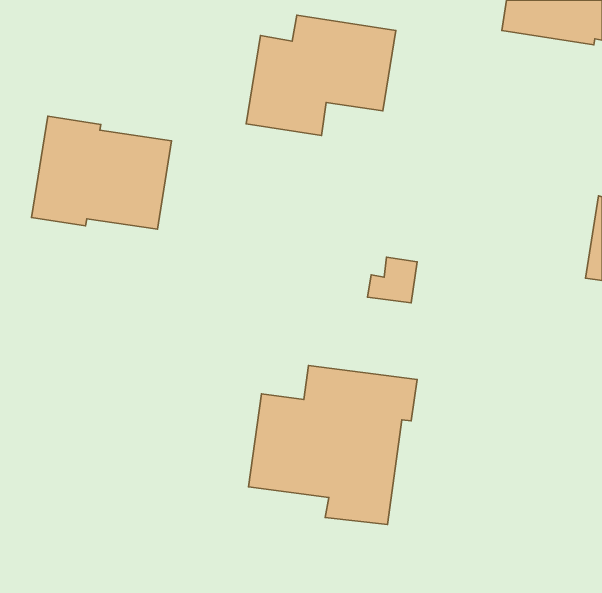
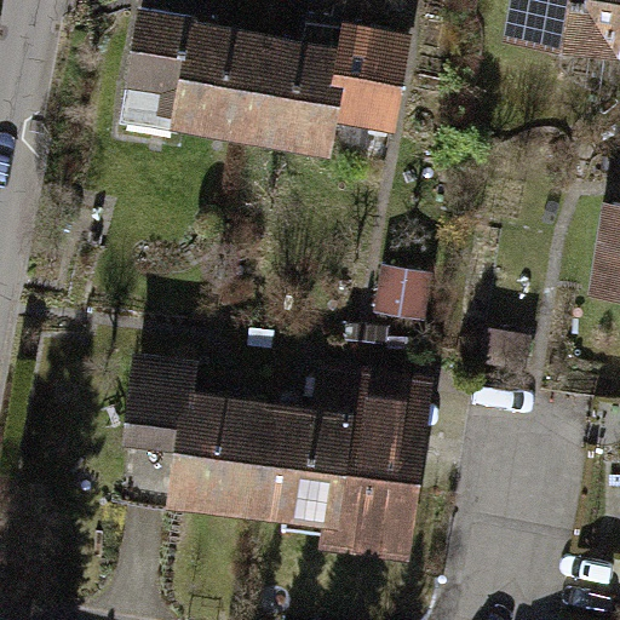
building: [31,116,172,229] -> [124,21,268,137]
building: none -> [132,369,269,510]

